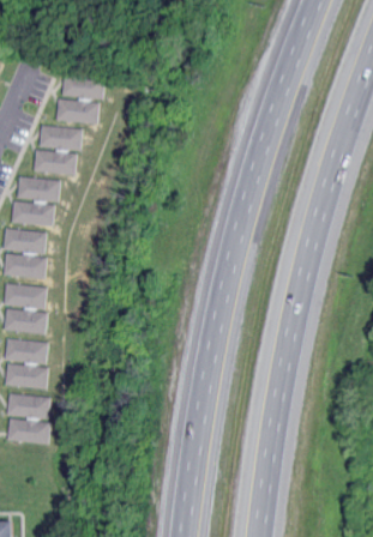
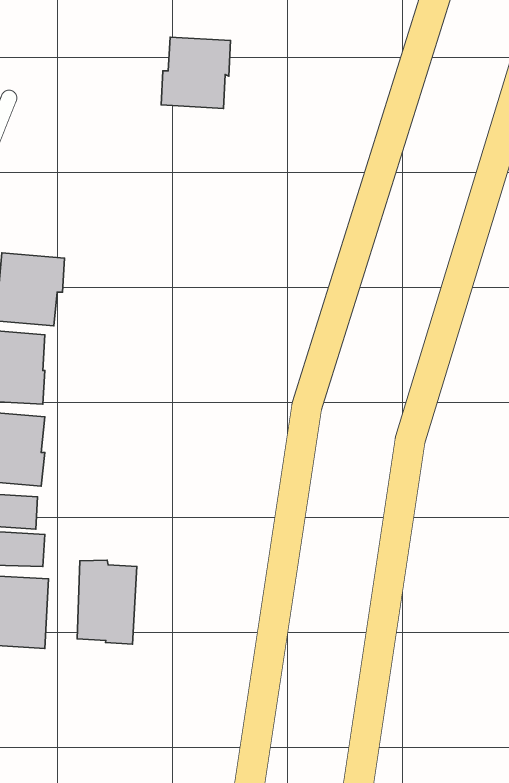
building: [55,74,102,122] -> [161,37,231,108]
building: [32,125,80,174] -> none
building: none -> [77,560,137,644]

